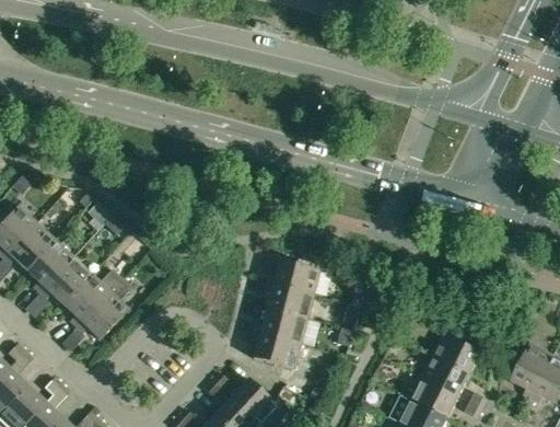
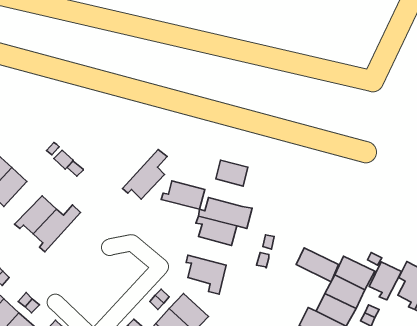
building: none -> [216,160,248,186]
building: [26,239,73,291] -> none
building: [77,277,131,338] -> [123,150,167,199]
building: [253,307,306,342] -> [161,181,205,209]
building: none -> [296,248,338,282]
building: none -> [369,262,401,300]

